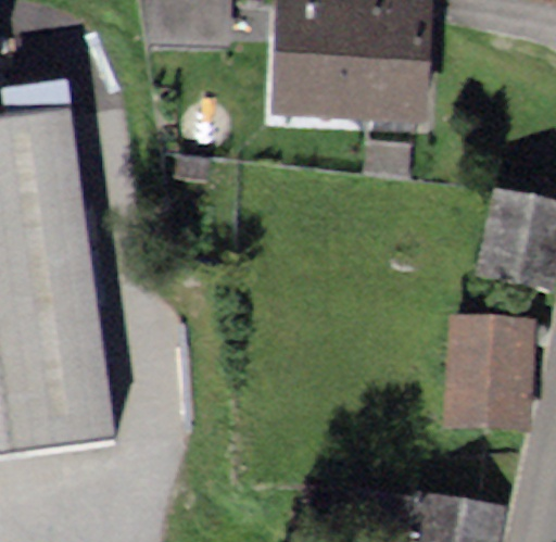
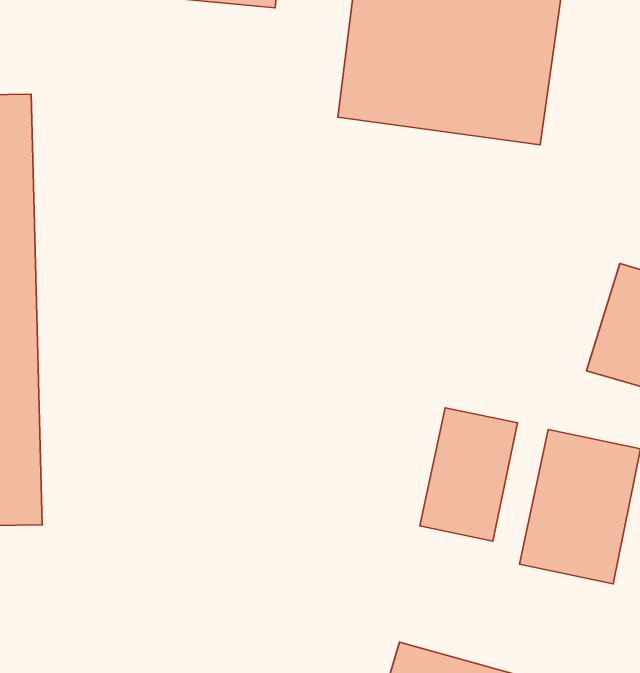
building: none -> [420,408,517,541]

